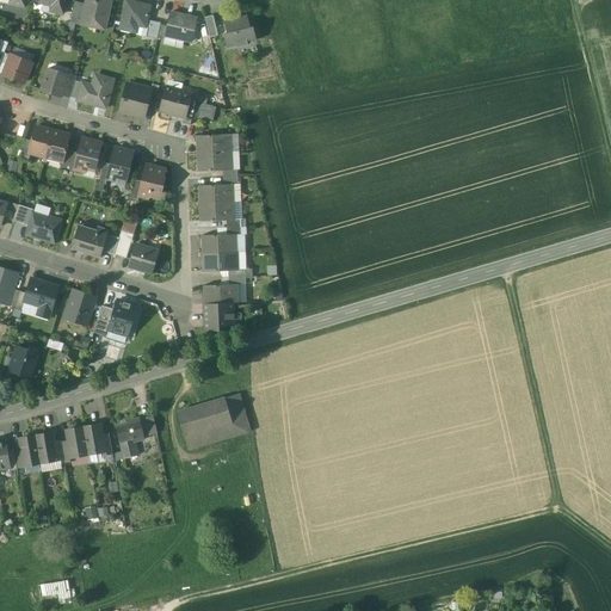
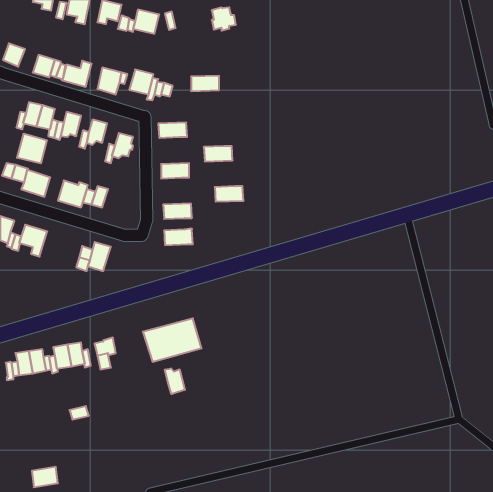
building: [224,18,254,47] -> [212,7,236,31]
building: [196,134,230,153] -> [191,76,219,91]
building: none -> [17,134,47,163]
building: [198,184,234,203] -> [204,146,233,161]
building: [200,234,236,253] -> [215,186,244,202]
building: [129,243,159,273] -> none
building: [63,288,97,325] -> none
building: [204,302,233,331] -> none
building: [11,344,38,376] -> none
building: none -> [165,368,185,394]

